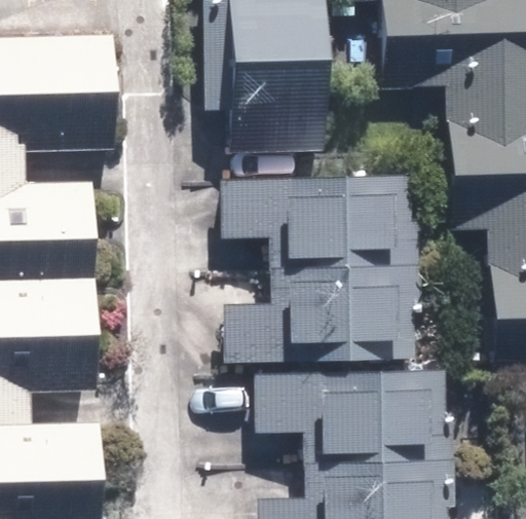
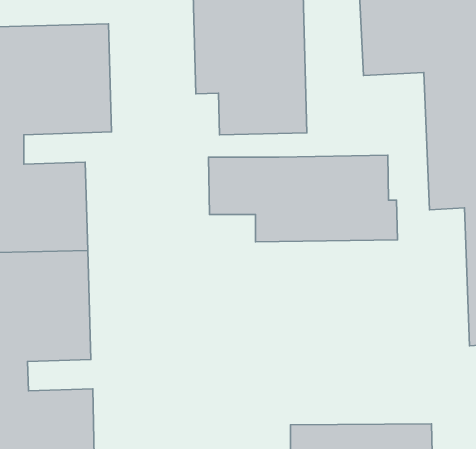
building: [224,263,421,359] -> none
building: [257,367,456,458] -> none

